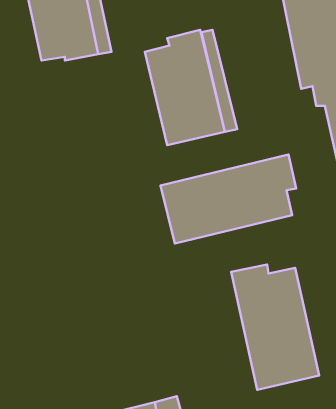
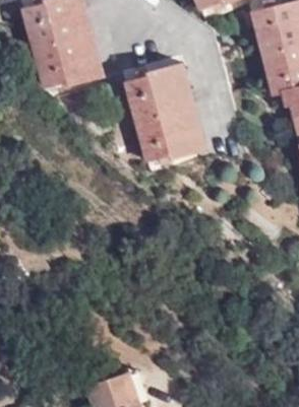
building: [160,155,296,244] -> none
building: [231,265,319,390] -> none

